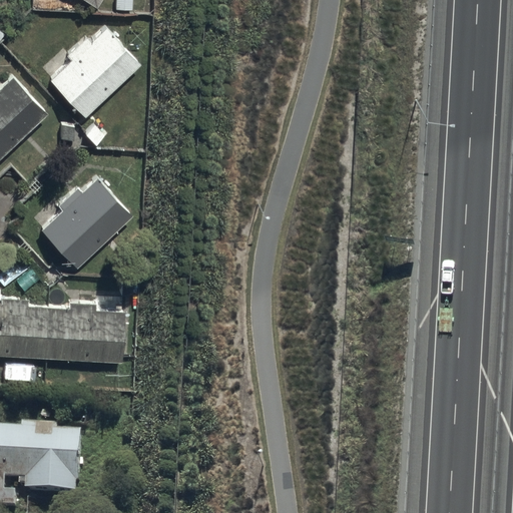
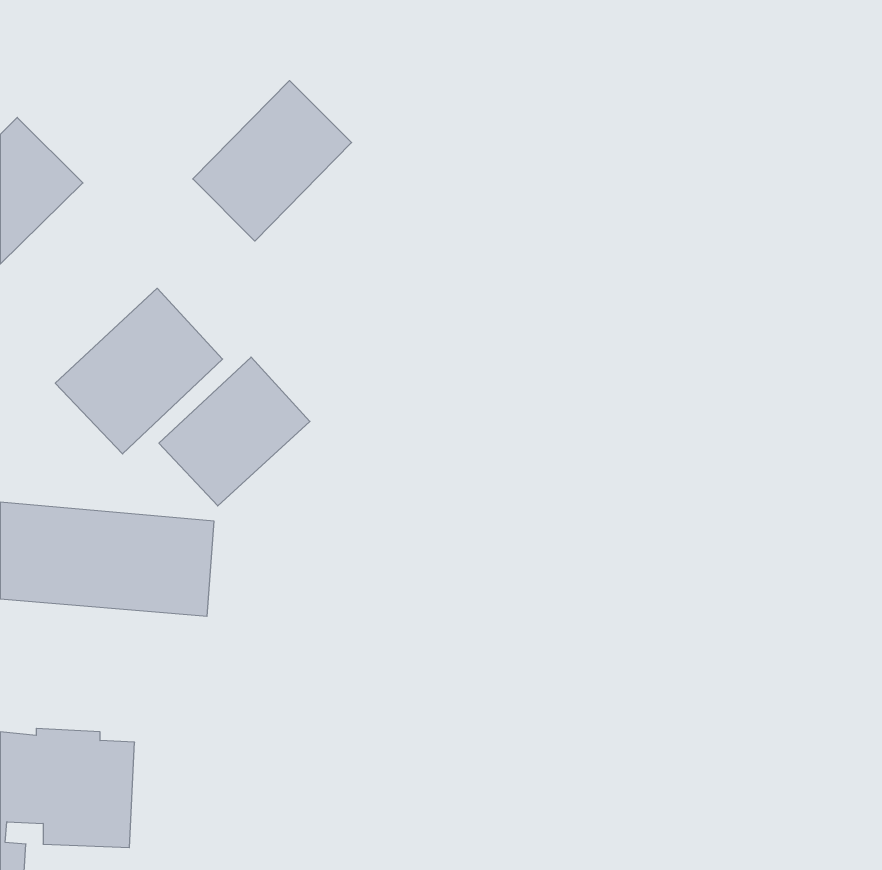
building: [46,26,138,119] -> [193,81,352,241]
building: none -> [159,357,310,506]

